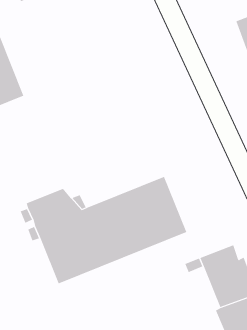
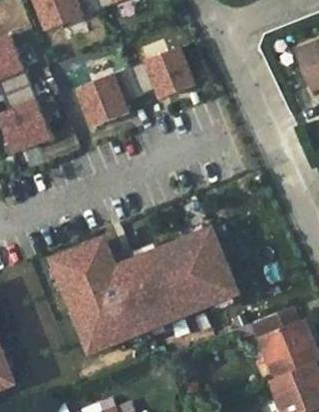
building: none -> [77,47,195,127]

